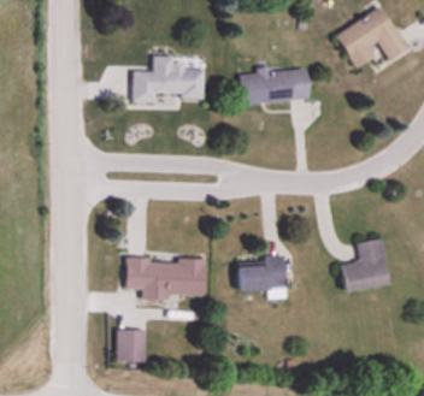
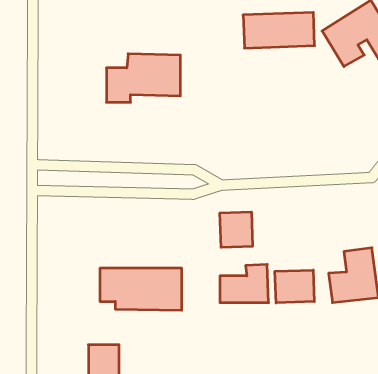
building: [241,70,308,104] -> [243,12,315,48]
building: none -> [220,212,252,247]
building: none -> [275,270,314,303]

